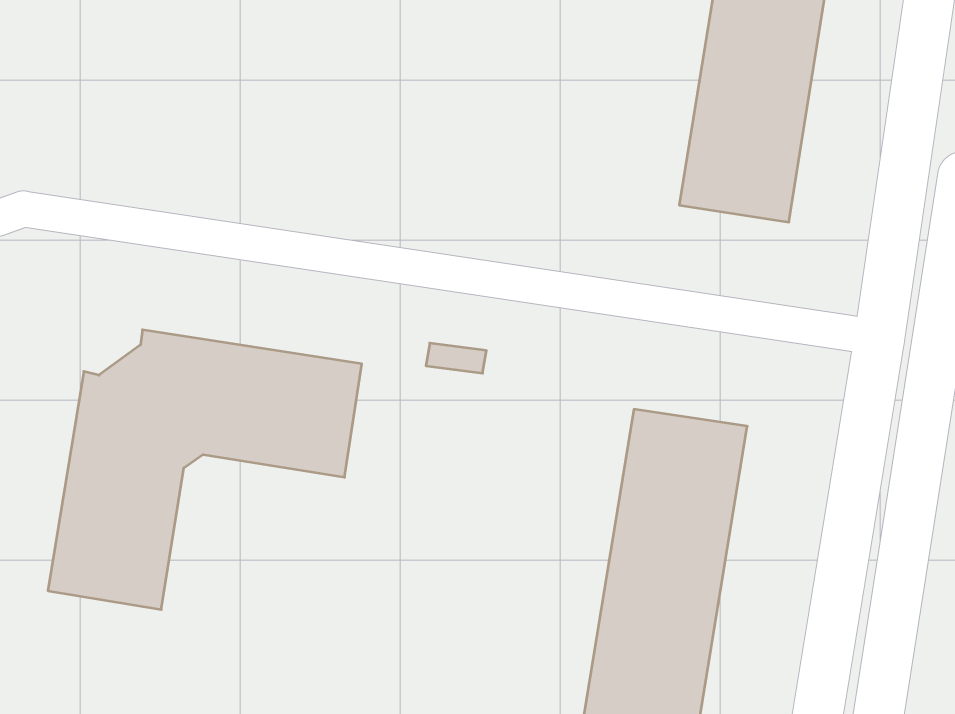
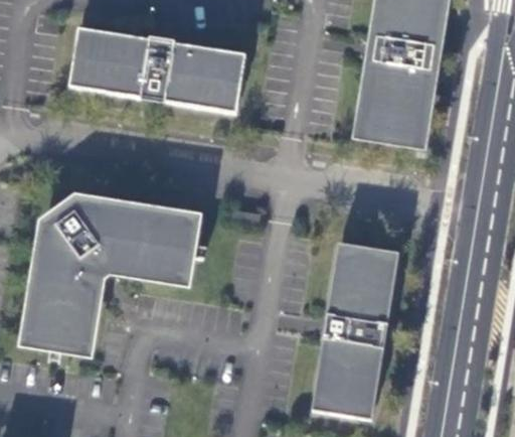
building: none -> [71,28,247,113]

